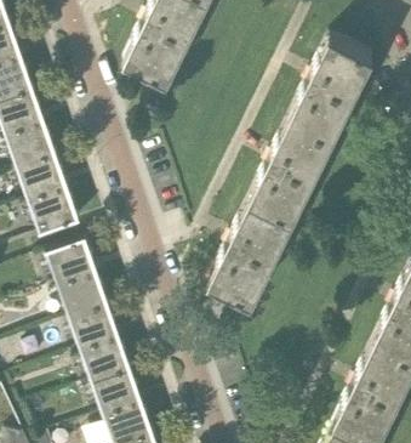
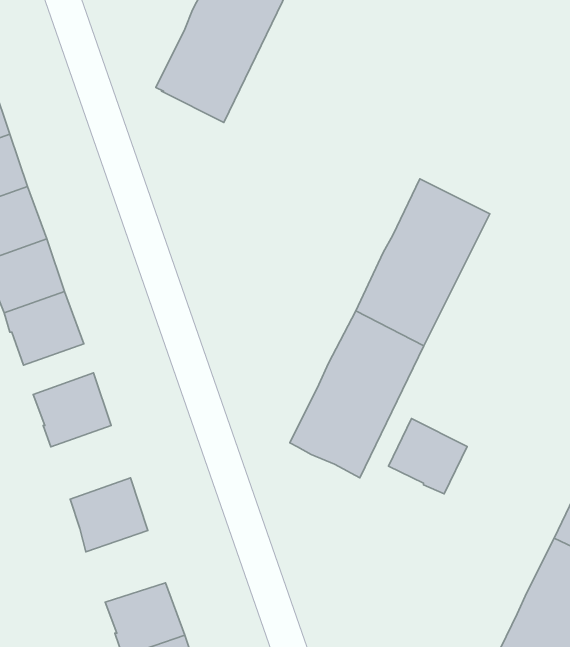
building: [289,44,372,147] -> none
building: none -> [388,419,467,494]
building: [58,279,108,325] -> none
building: [80,345,130,390] -> none

